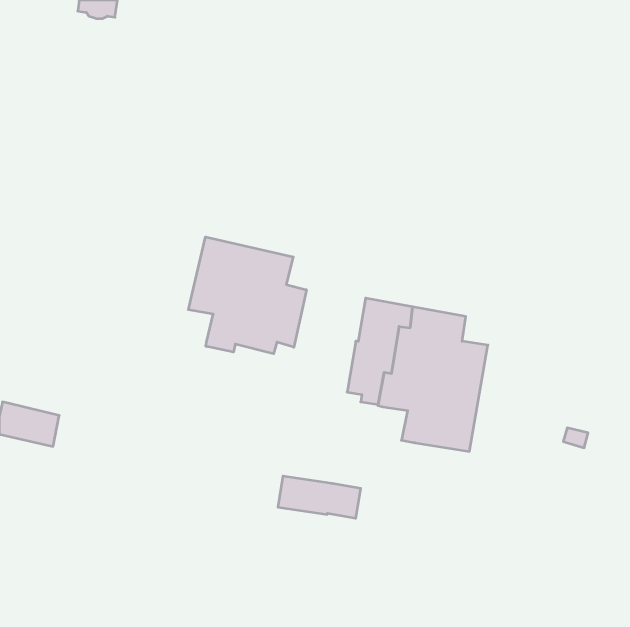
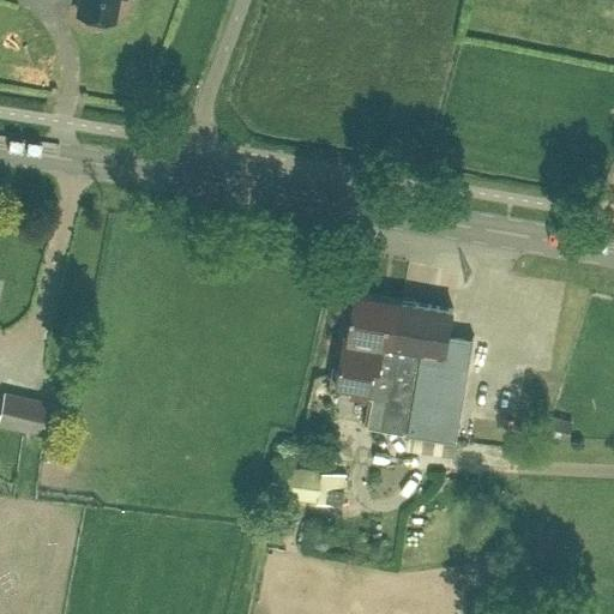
building: [188,237,306,354] -> none
building: none -> [367,399,396,432]

